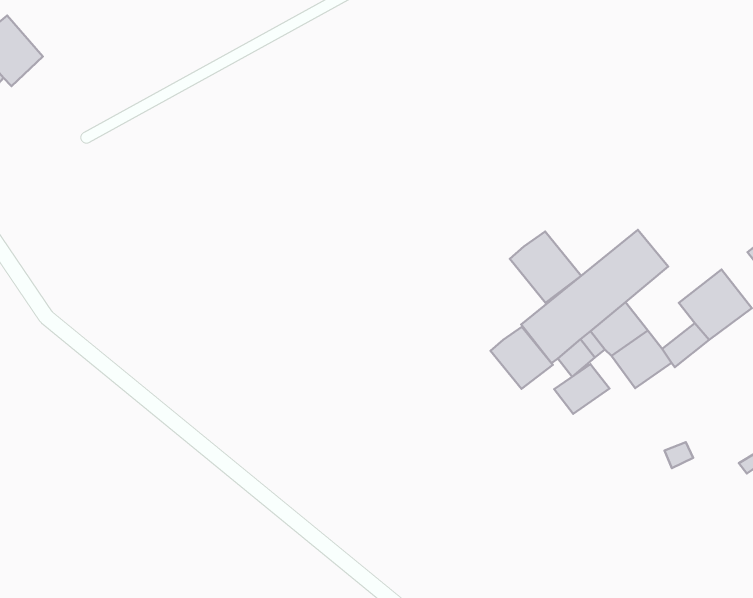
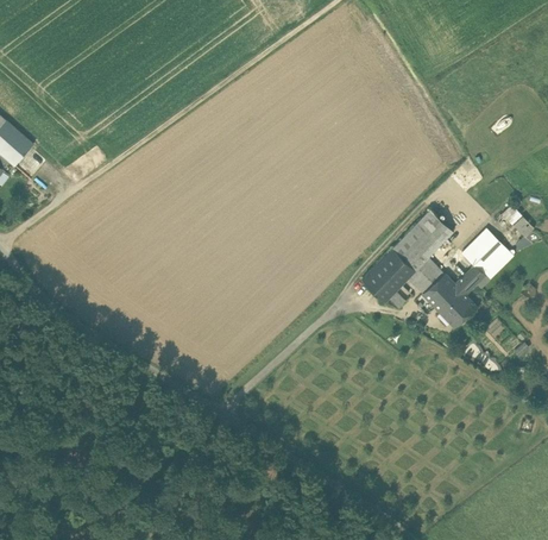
building: [510,232,581,303] -> none
building: [491,327,553,389] -> none
building: [554,364,610,414] -> [440,293,475,326]

